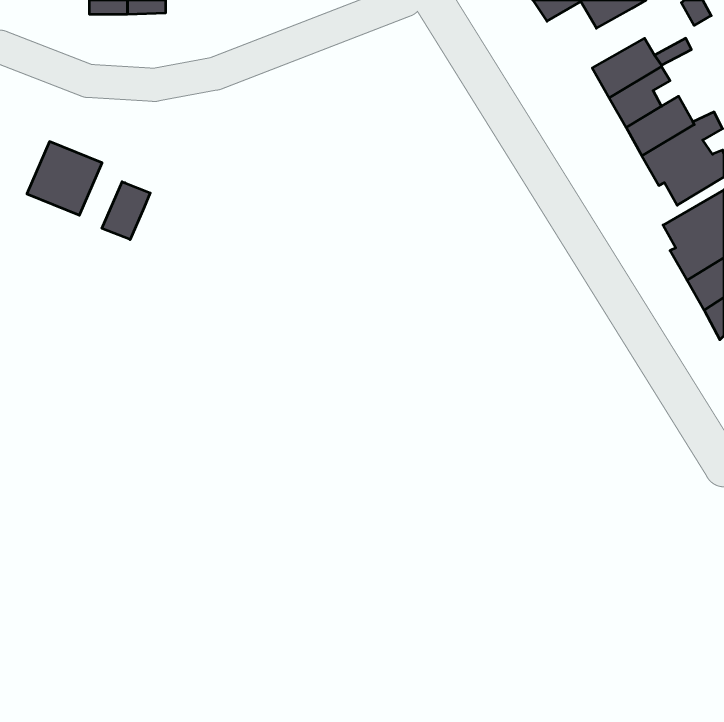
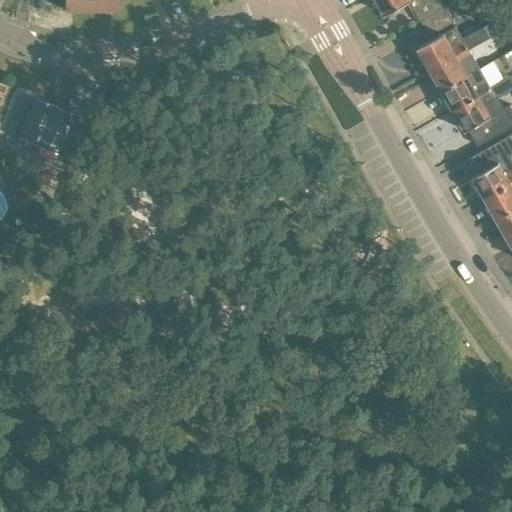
building: none -> [421,7,454,37]
building: [102,182,150,240] -> none

